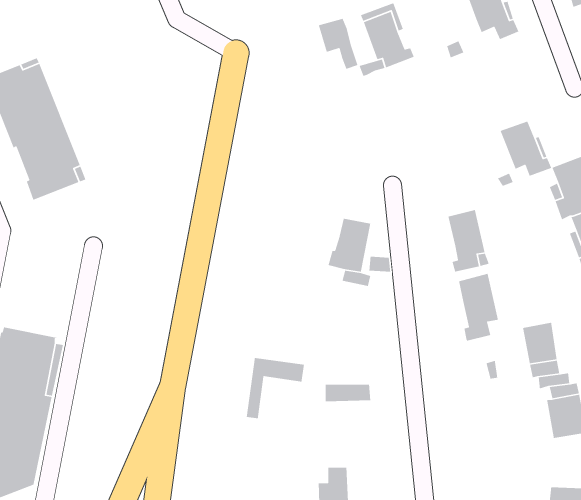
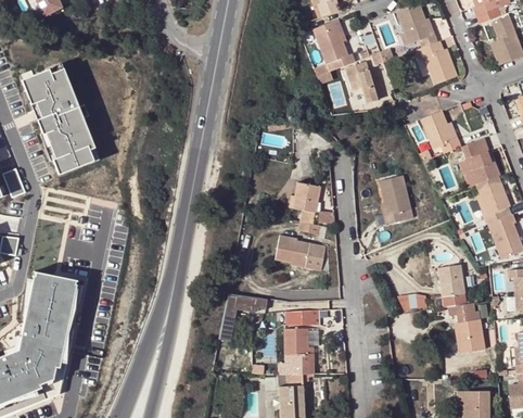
building: [318,18,359,70] -> [345,62,377,102]
building: none -> [413,41,455,85]
building: [458,273,499,342] -> none
building: none -> [276,238,326,274]
building: none -> [279,331,314,377]

